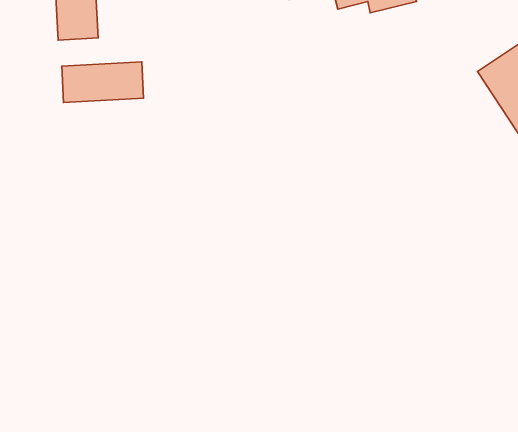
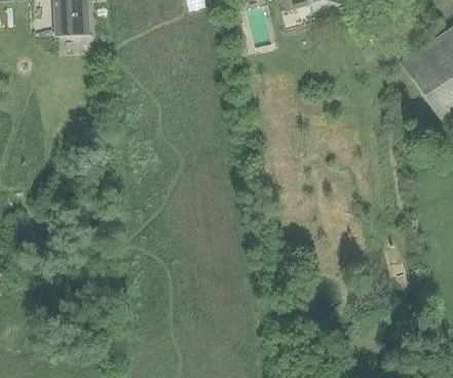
building: [62,62,144,102] -> none

